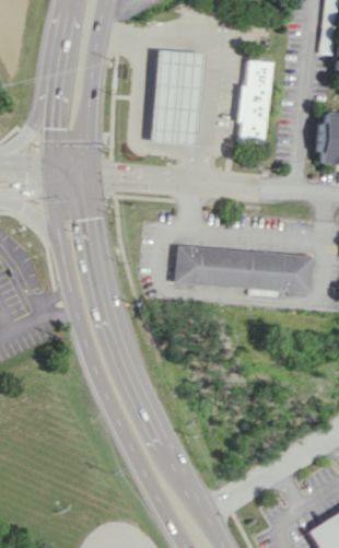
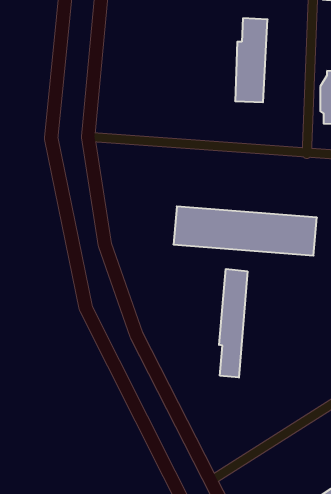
building: [150,50,201,143] -> none
building: none -> [219,269,247,378]

